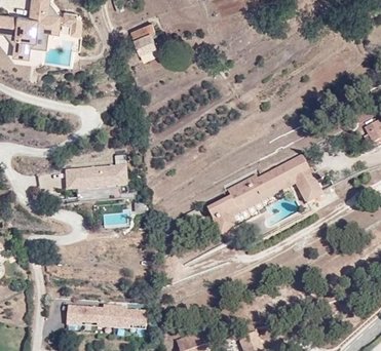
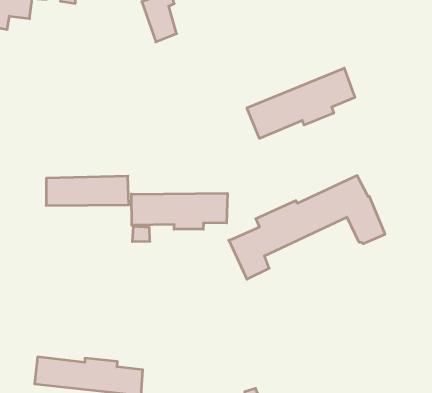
building: none -> [247,68,355,138]
building: none -> [131,193,227,229]

